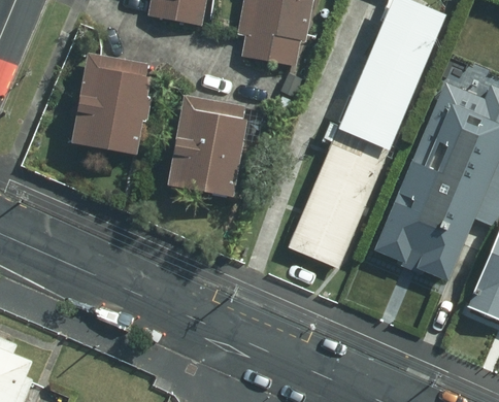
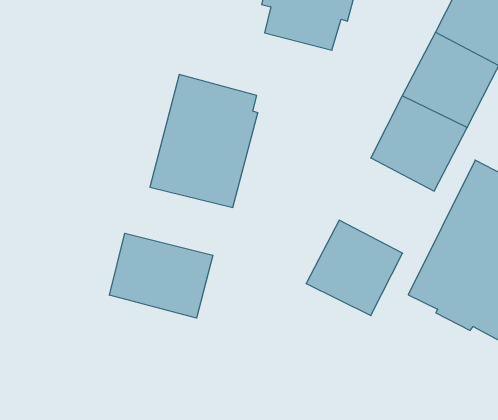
building: [67,51,147,153] -> none
building: [313,146,386,219] -> none
building: none -> [109,233,213,318]

